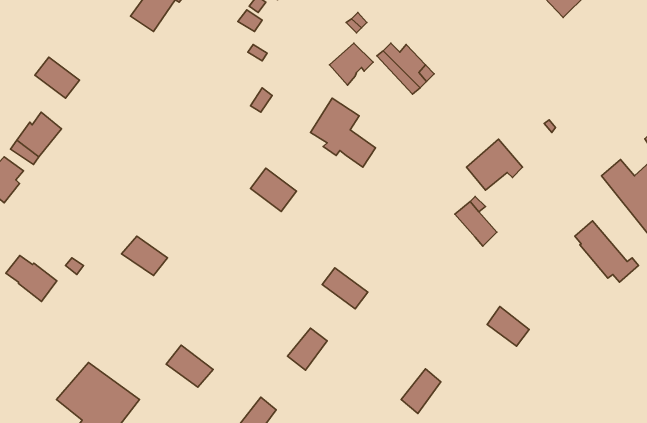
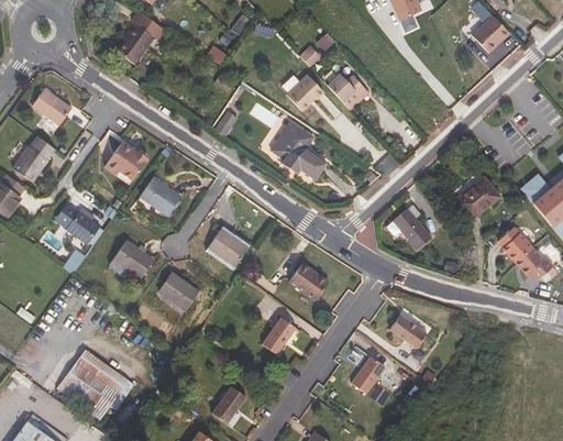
building: none -> [106,142,148,179]
building: [466,139,523,190] -> [456,177,505,221]
building: none -> [141,169,183,208]
building: [250,168,296,212] -> [211,222,251,260]
building: [6,255,57,301] -> [56,201,100,241]
building: [487,307,529,346] -> [389,315,426,349]
building: [166,345,213,387] -> [155,274,196,310]

